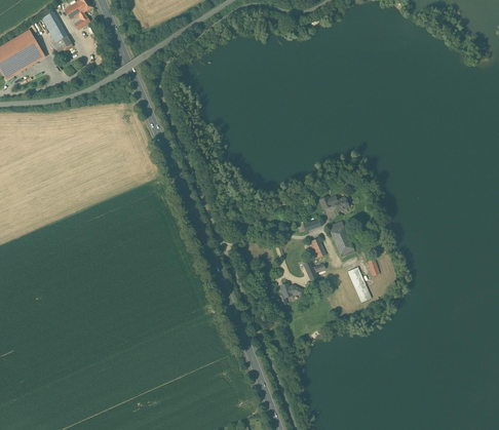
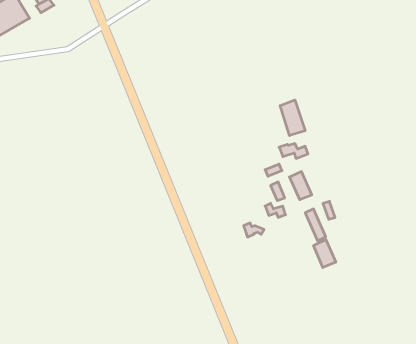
building: none -> [280,100,305,136]
building: none -> [314,240,336,268]

